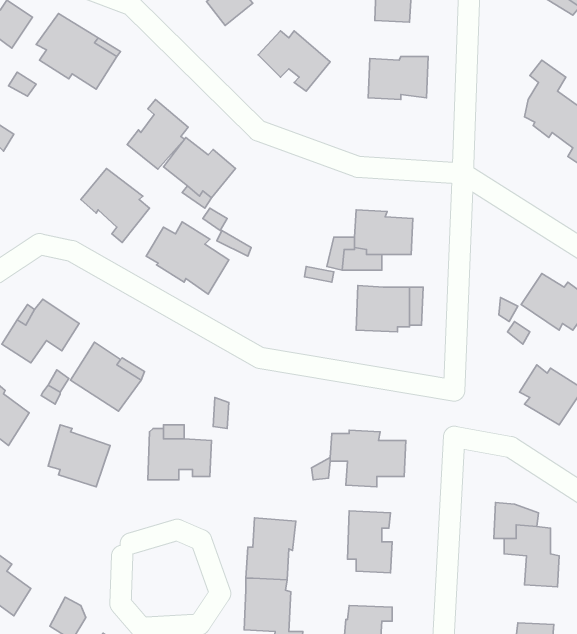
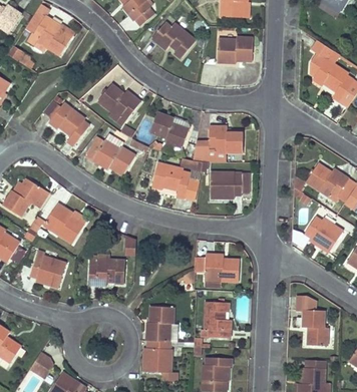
building: [127,100,188,169] -> none
building: none -> [150,113,189,146]
building: none -> [150,162,196,200]

